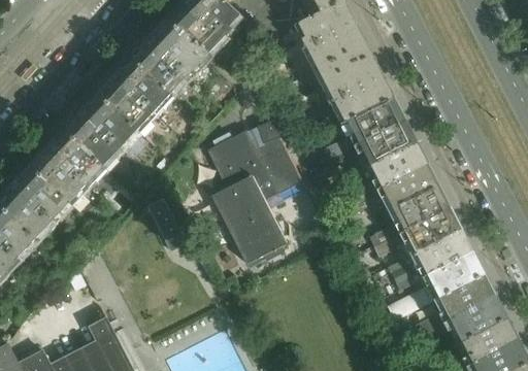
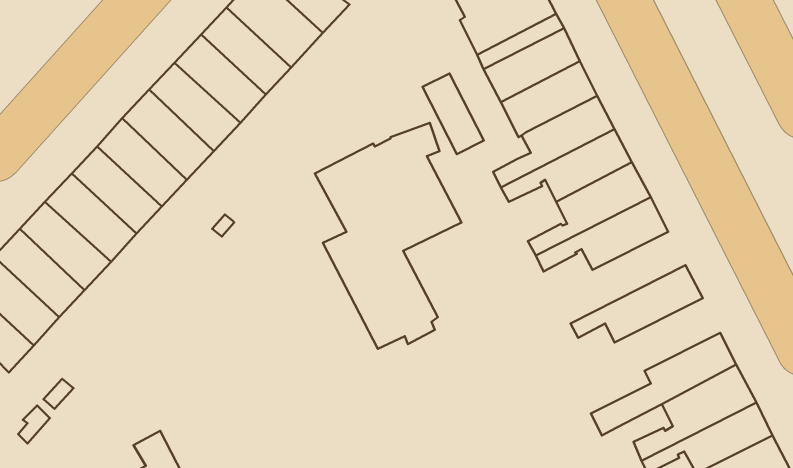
building: none -> [423,73,484,154]
building: [370,184,451,244] -> none
building: [372,228,473,295] -> none

